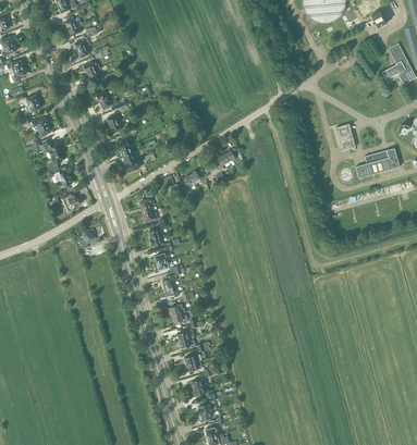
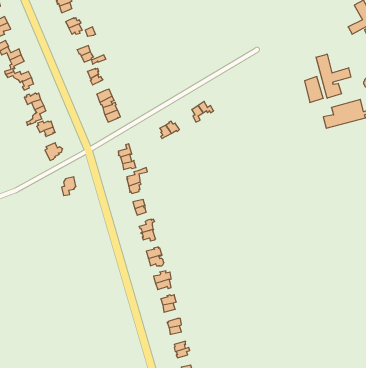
building: none -> [316,54,351,98]

